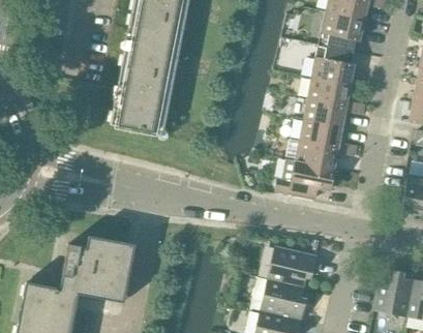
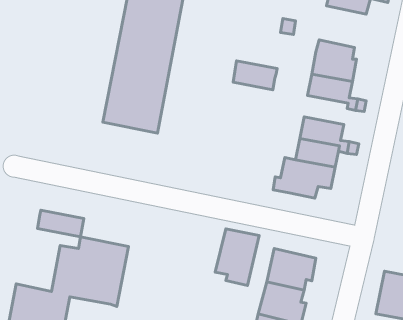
building: [320,12,365,53] -> none
building: [305,99,348,127] -> [233,61,277,90]
building: none -> [37,210,84,237]
building: none -> [215,229,259,286]

